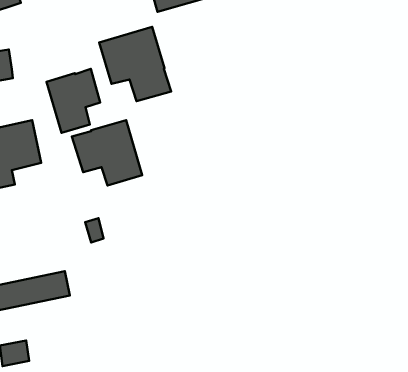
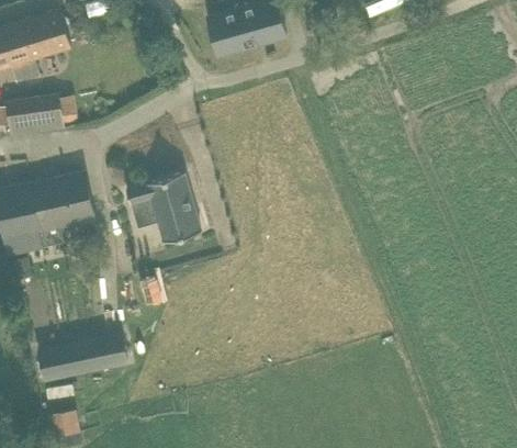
building: [99,27,171,101] -> none
building: [46,69,100,133] -> none

